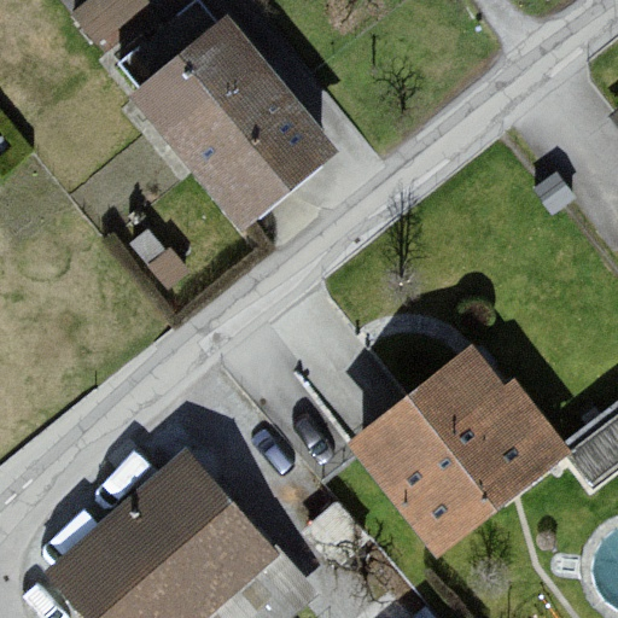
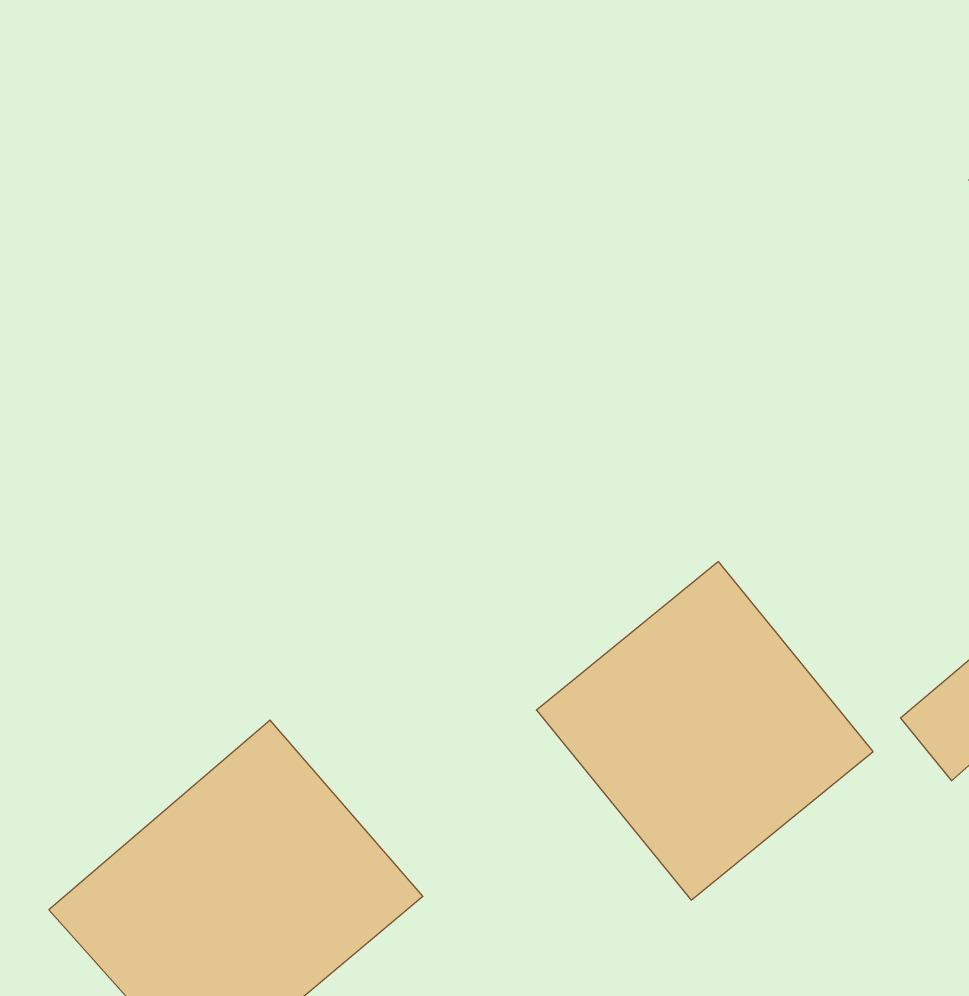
building: [130,14,334,227] -> none

